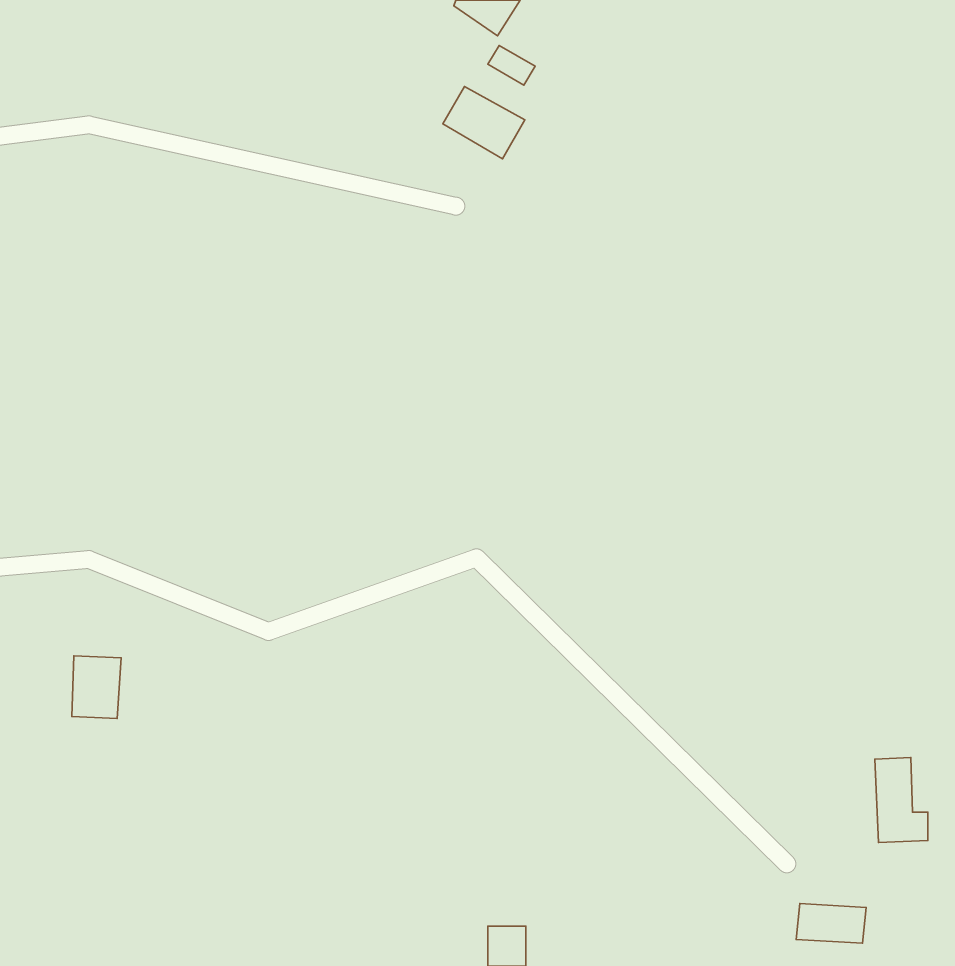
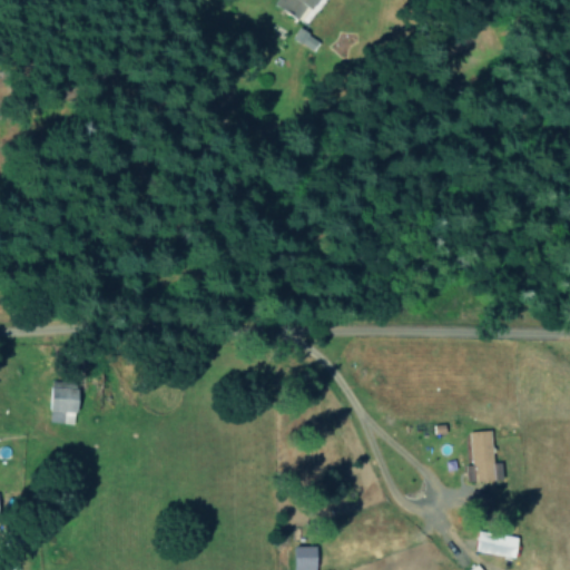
building: [443,86,525,159] -> none
building: [875,757,928,843] -> [472,430,503,480]

